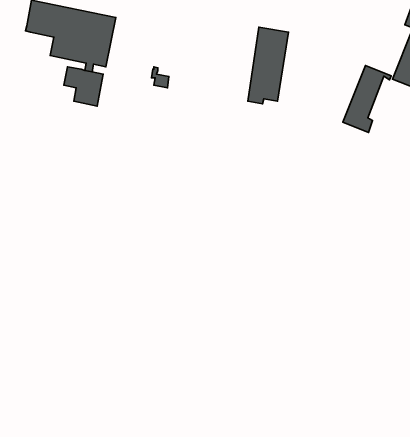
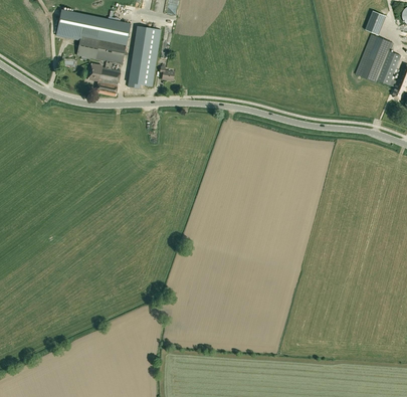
building: [248,27,289,104] -> [128,25,161,87]
building: [343,66,391,132] -> none

